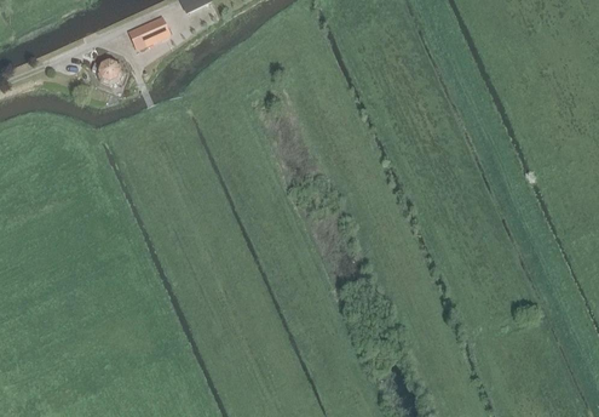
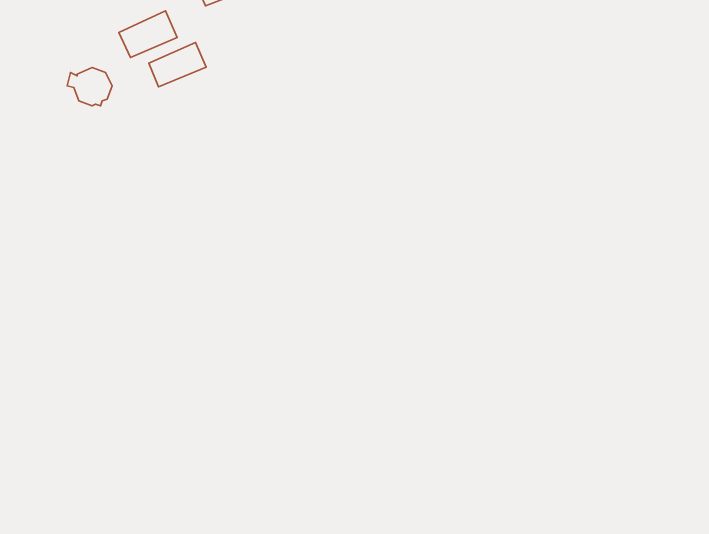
building: none -> [149,43,206,87]

